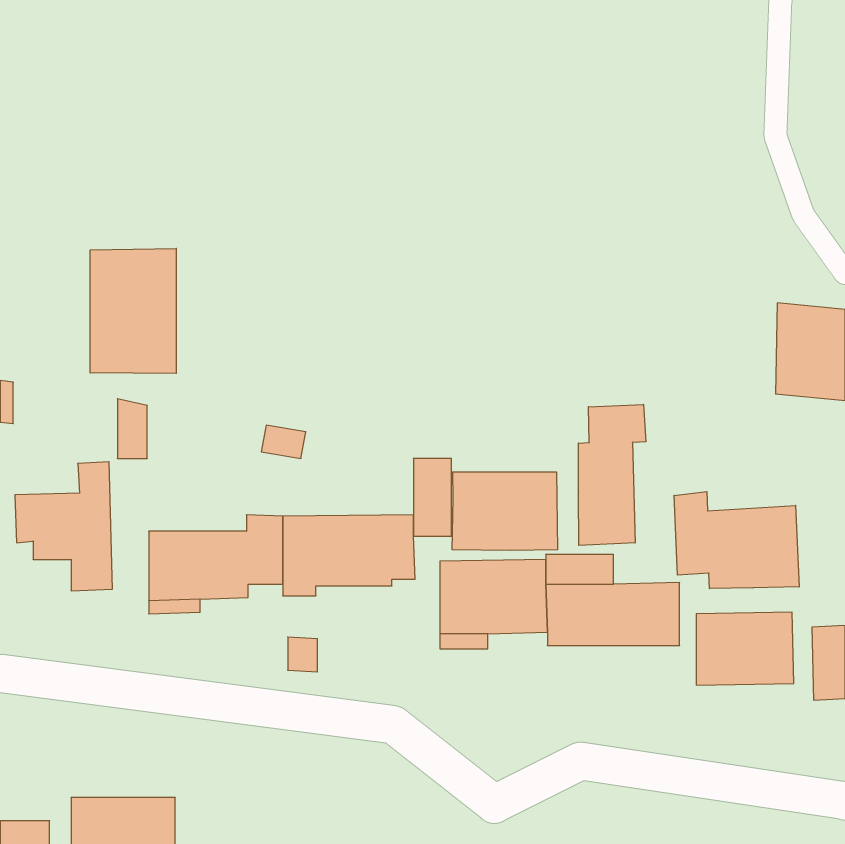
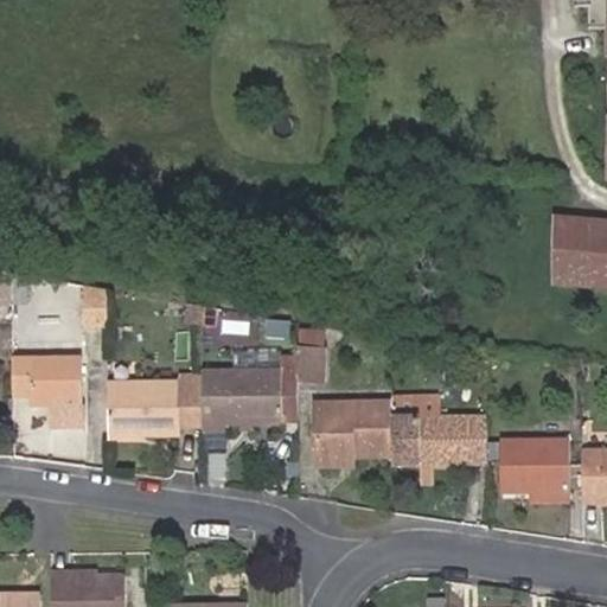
building: [90,248,176,373] -> none
building: [579,404,646,545] -> none
building: [452,472,558,550] -> none
building: [674,492,799,589] -> none

